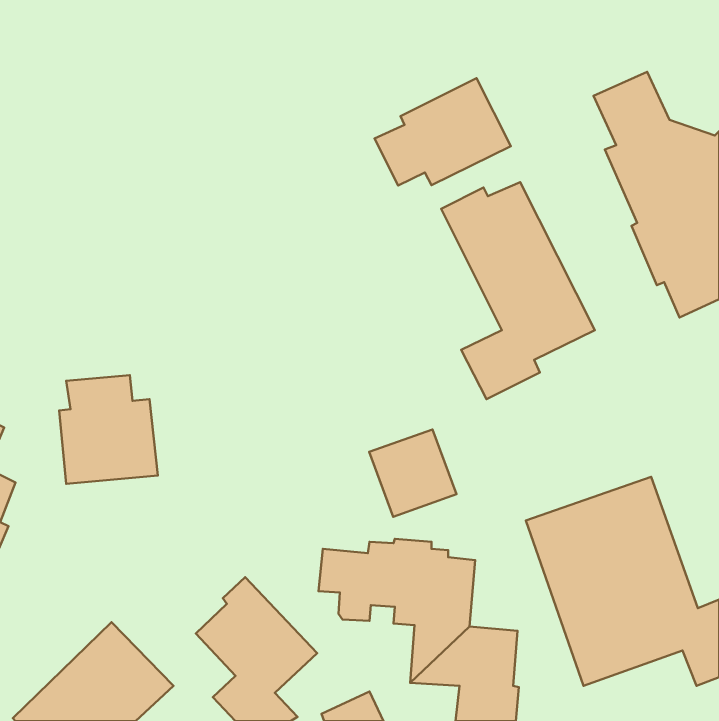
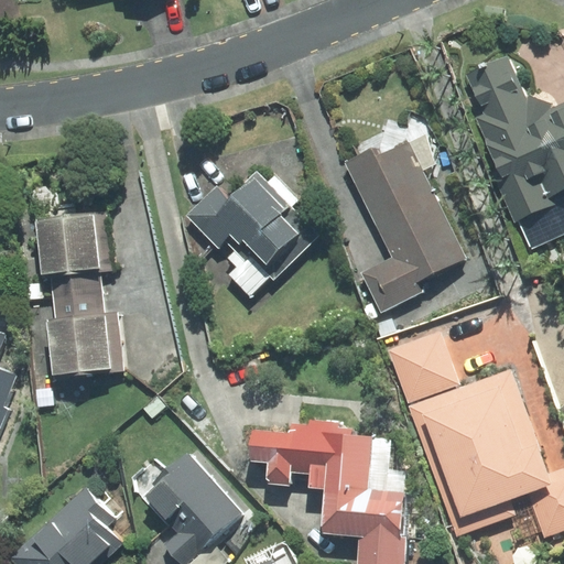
building: [374,78,511,186] -> none
building: none -> [185,171,318,295]
building: none -> [35,212,113,297]
building: [369,429,457,517] -> [389,333,457,401]

